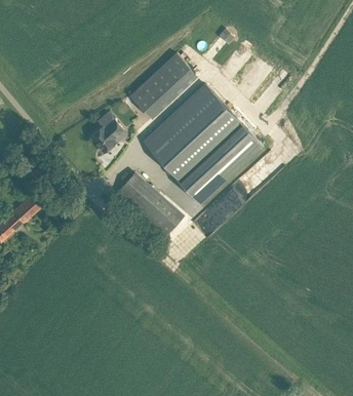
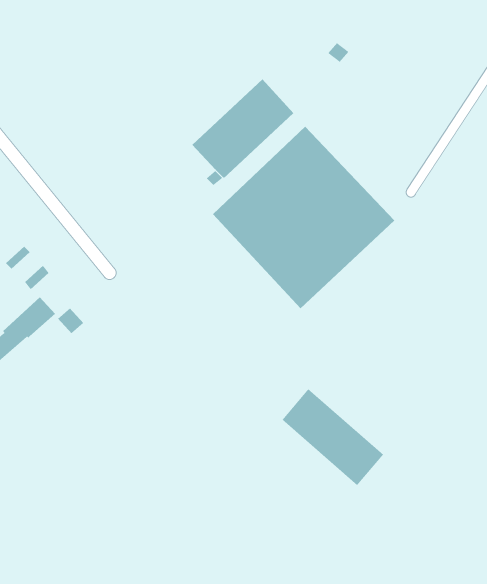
building: [88,119,122,153] -> none
building: [115,174,182,238] -> [281,388,384,486]

